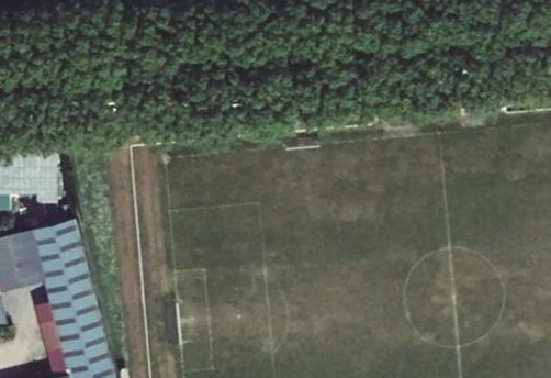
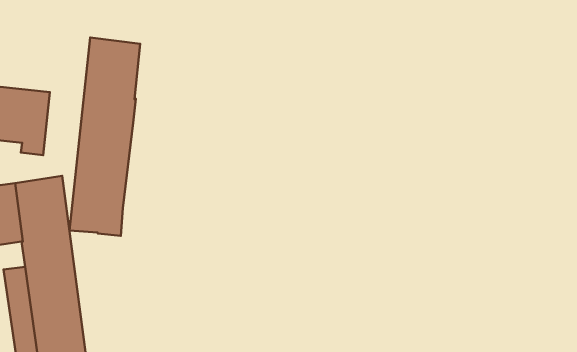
building: none -> [70,37,140,236]

